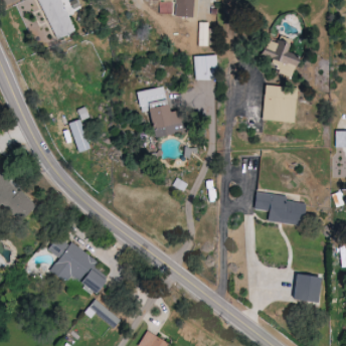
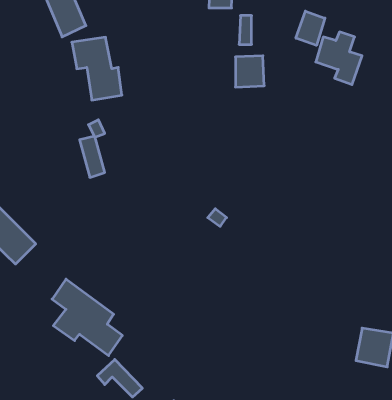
building: none -> [296,11,325,45]
building: [262,83,299,123] -> none
building: [137,86,177,137] -> [72,37,122,100]
building: [253,191,306,224] -> none

